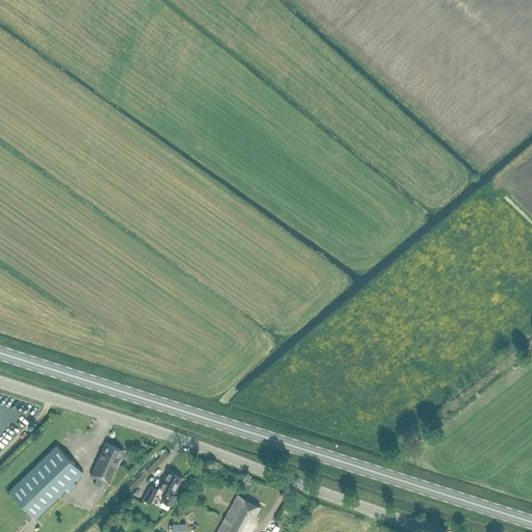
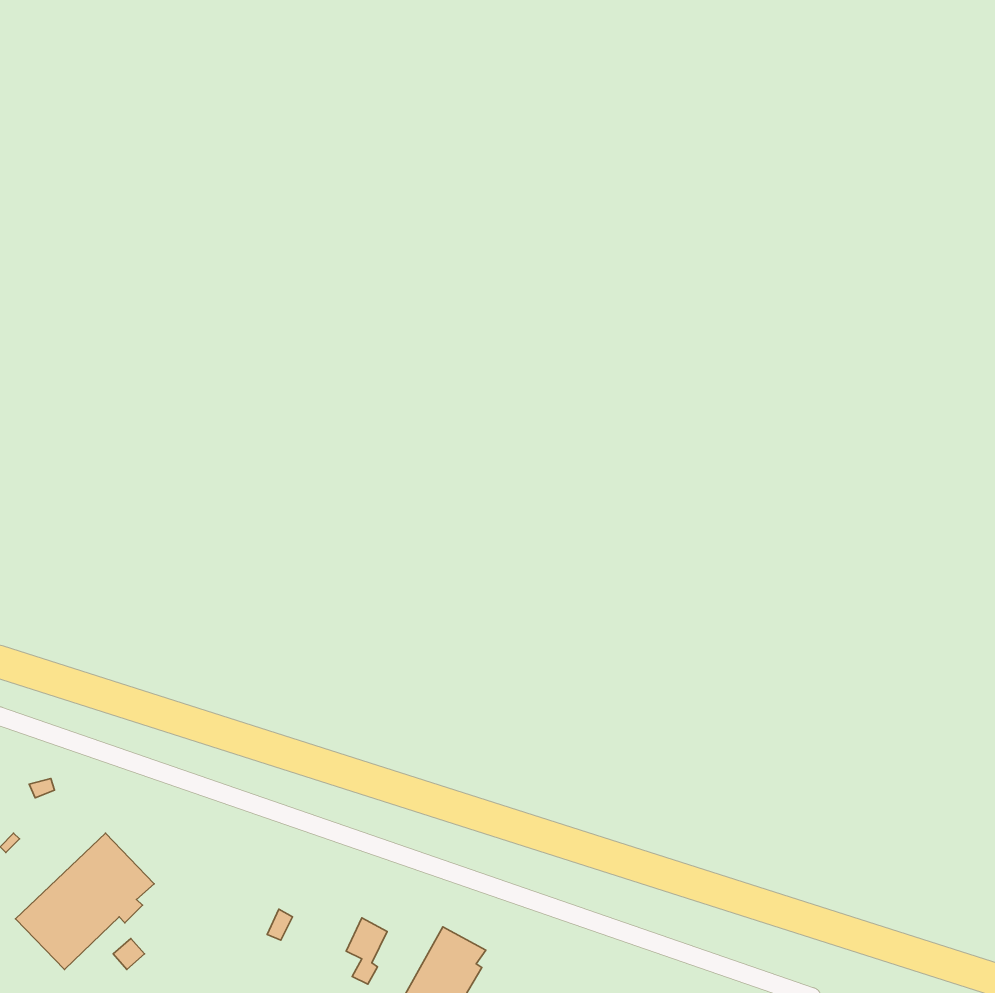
building: [89,443,123,484] -> none
building: [159,471,181,506] -> [346,918,387,984]

